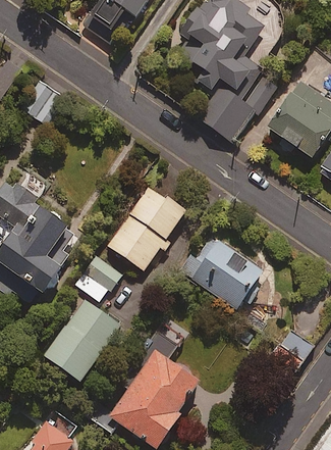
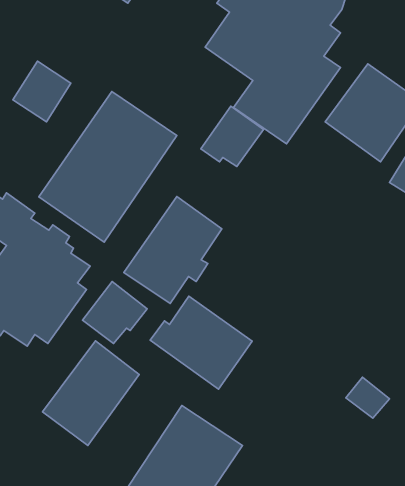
building: none -> [39,92,177,242]
building: none -> [201,106,264,167]
building: [180,235,261,308] -> [150,296,252,389]

